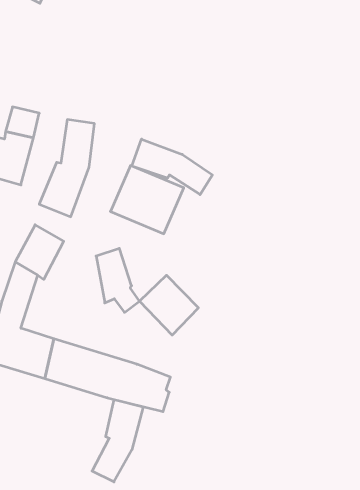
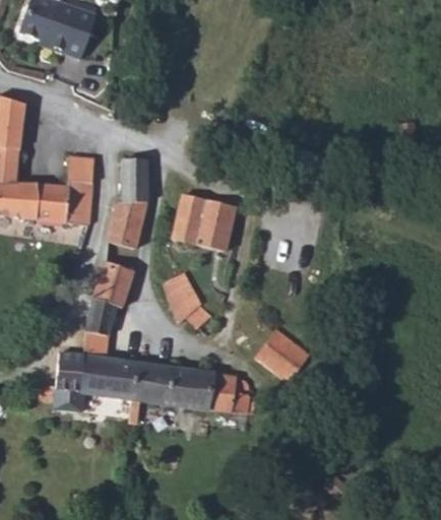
building: [132,139,212,195] -> none
building: [139,275,198,335] -> [256,330,311,384]
building: [92,400,143,482] -> none

